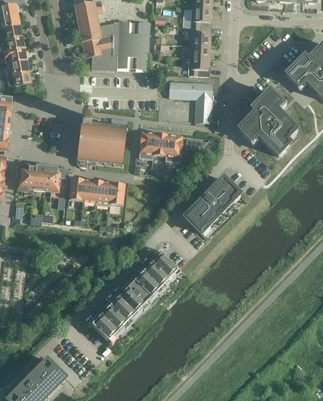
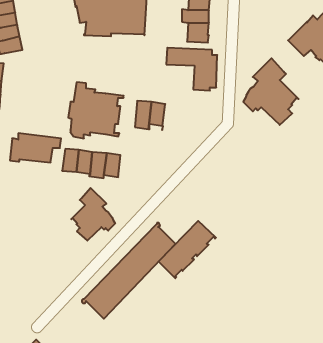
building: [165,134,182,161] -> none
building: [185,177,240,232] -> [159,221,216,278]
building: none -> [71,188,115,241]

